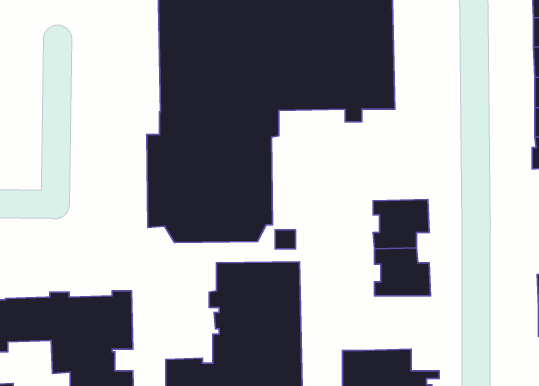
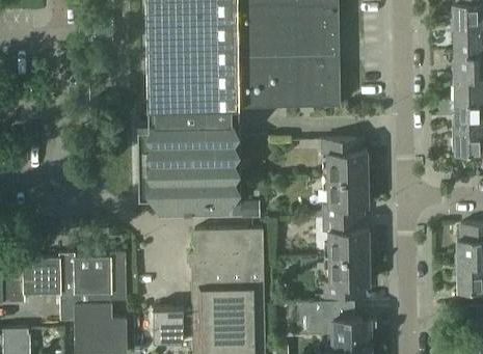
building: none -> [322,140,368,180]
building: none -> [315,257,370,302]

